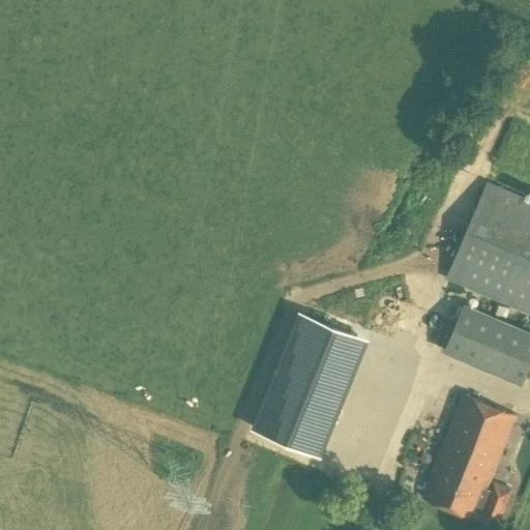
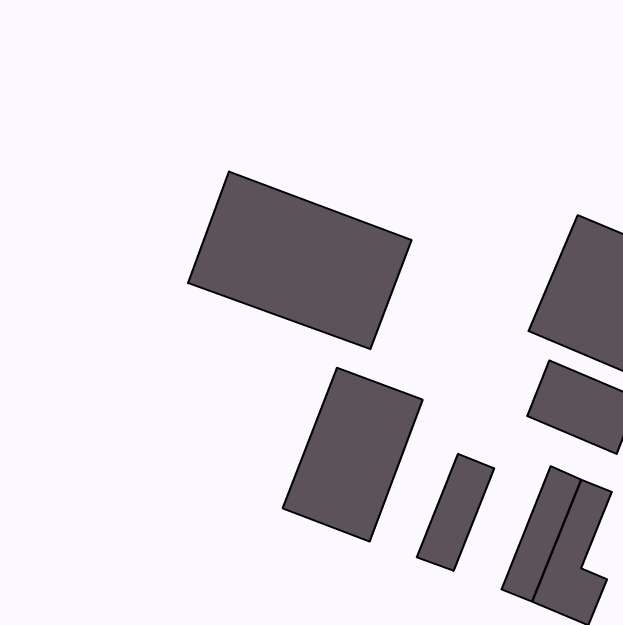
building: none -> [188,171,411,349]
building: none -> [417,454,494,571]

